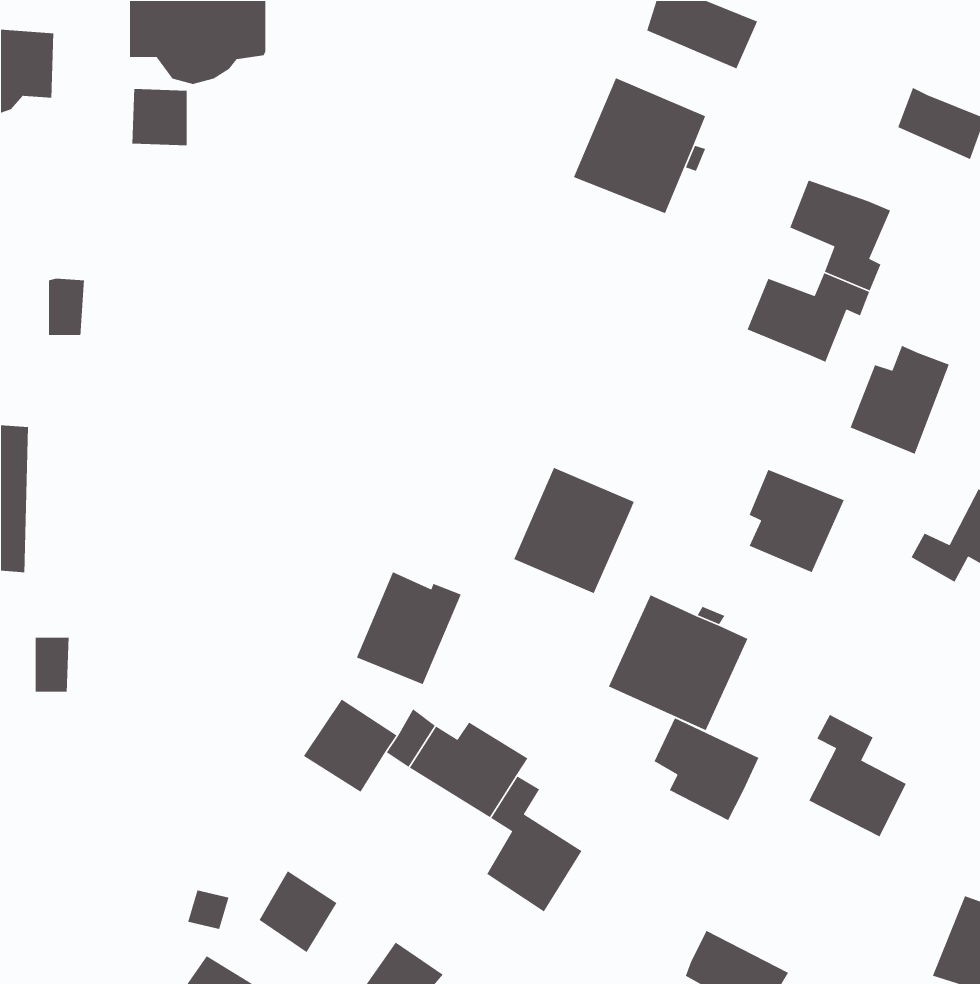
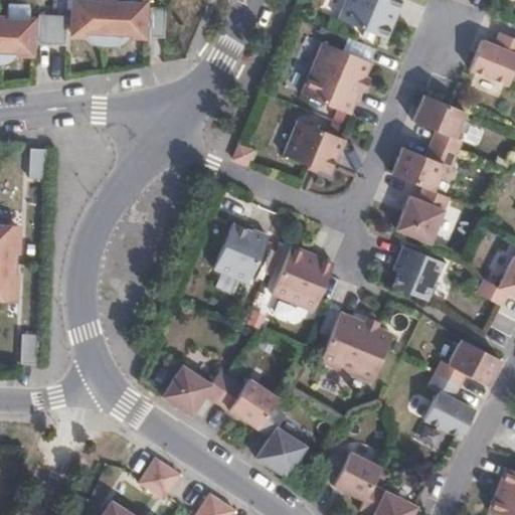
building: [132,88,188,146] -> [36,13,65,43]
building: none -> [285,119,345,173]
building: [850,345,950,455] -> [397,186,450,243]
building: [356,571,462,685] -> [212,222,268,282]
building: none -> [436,339,501,385]
building: [653,717,759,821] -> [324,448,379,502]

